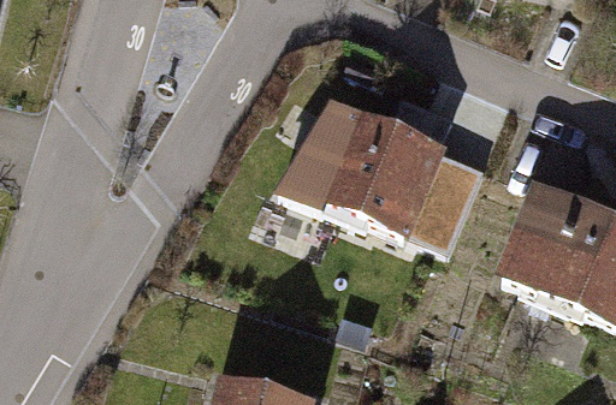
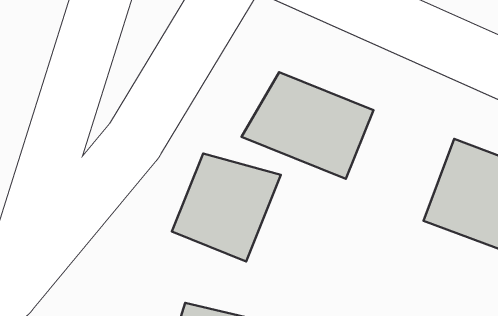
building: none -> [172,154,281,261]

